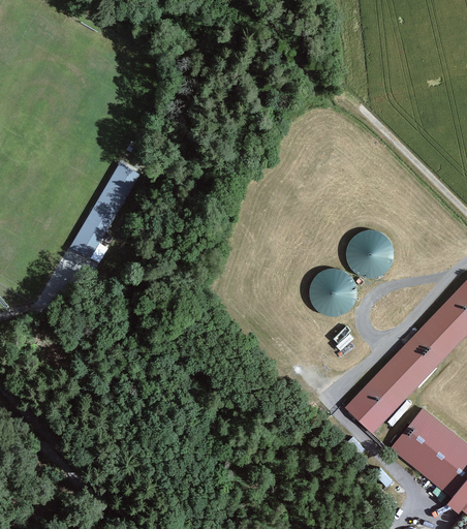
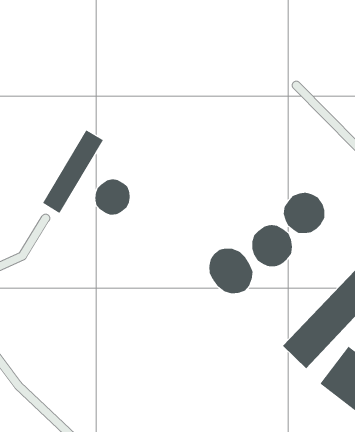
building: none -> [95,179,130,215]
building: none -> [209,248,253,294]

